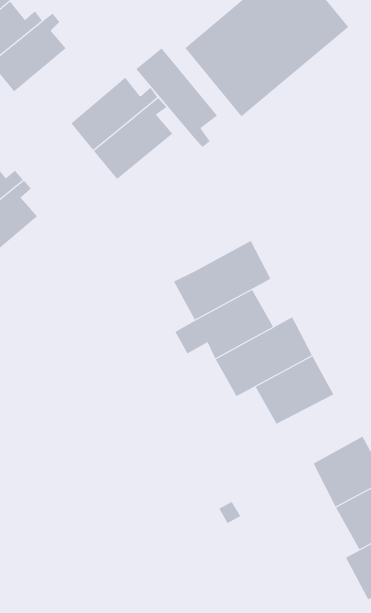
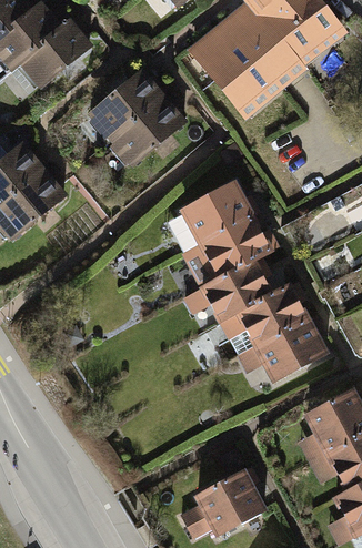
building: [135,47,218,148] -> none
building: none -> [181,183,251,245]
building: none -> [180,471,262,537]

